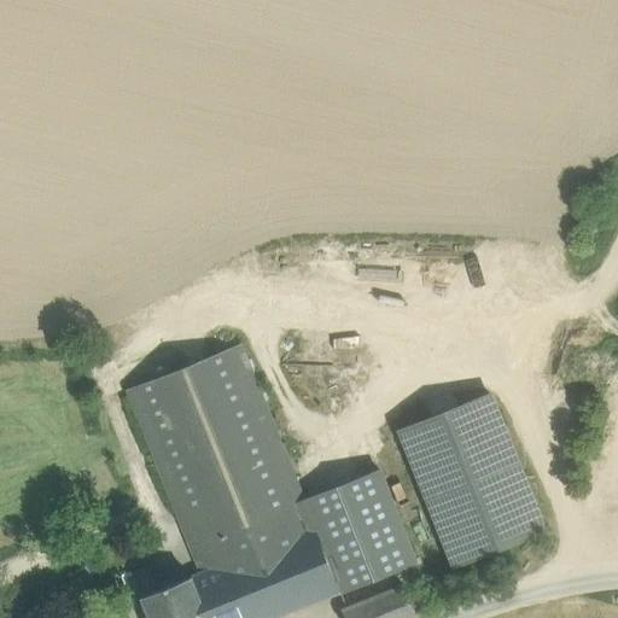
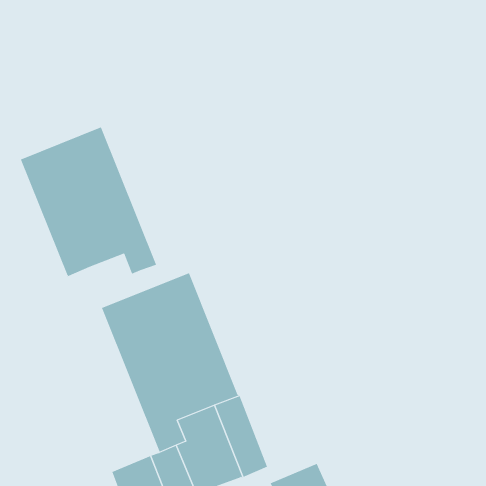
building: none -> [20,126,157,278]
building: [401,396,544,569] -> none
building: [307,472,415,593] -> none

